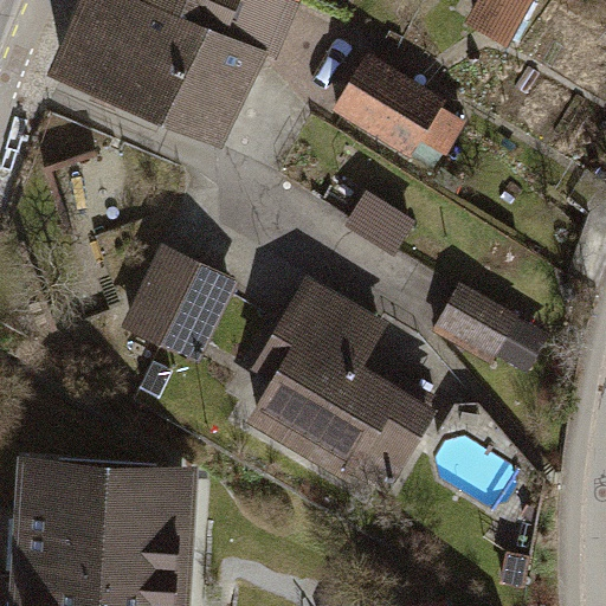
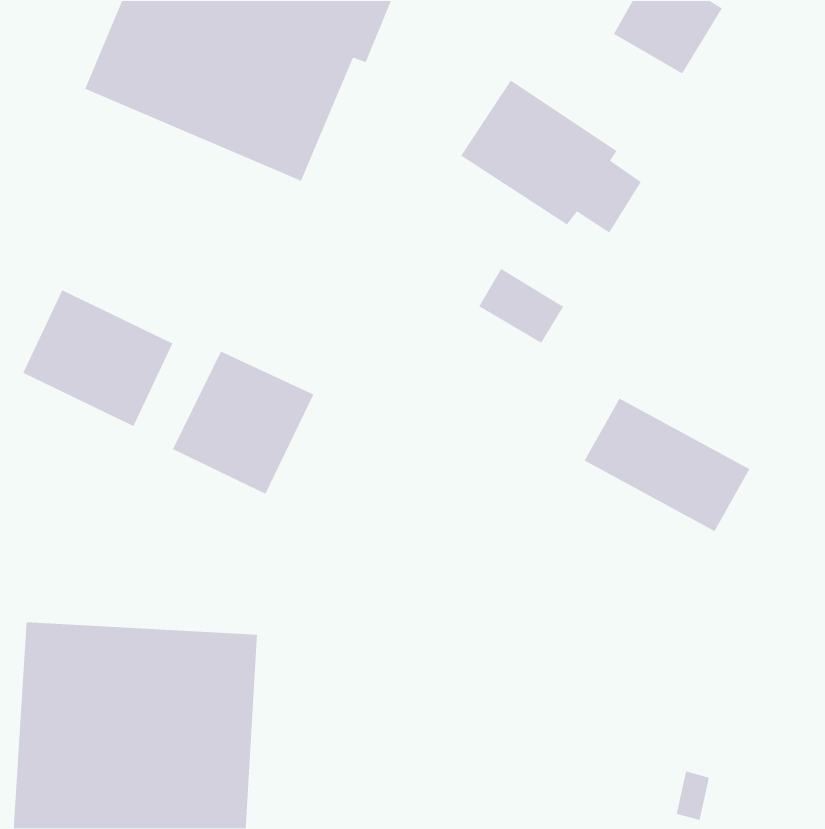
building: none -> [22,289,173,427]
building: [253,277,430,490] -> none

